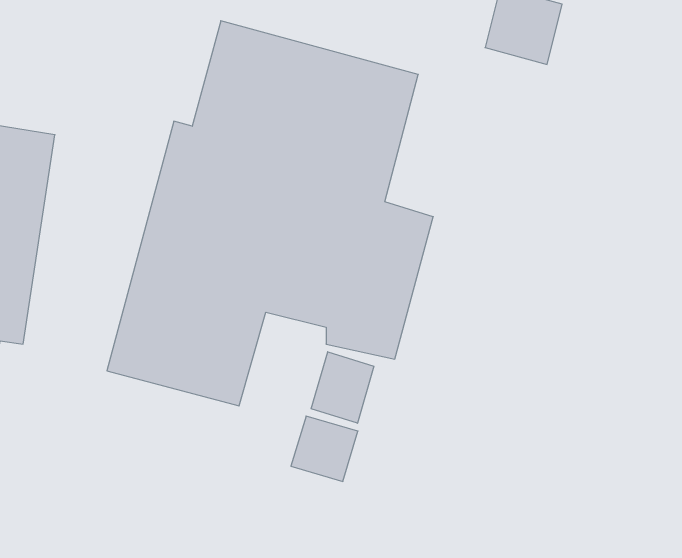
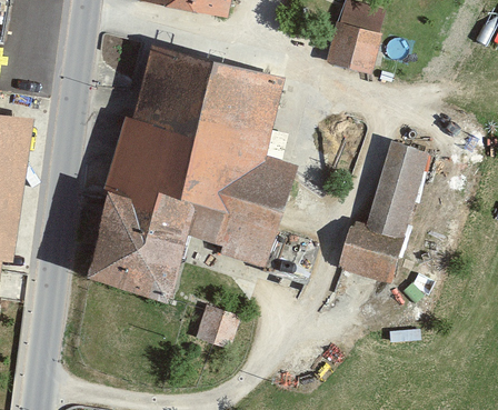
building: none -> [341,138,424,282]
building: [311,352,374,423] -> none

